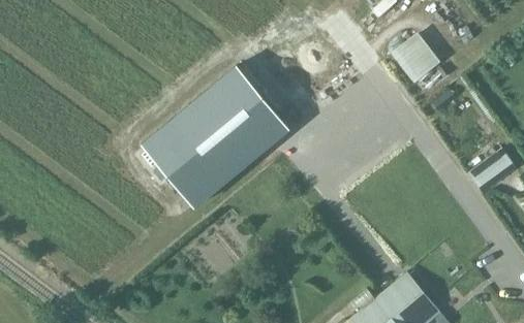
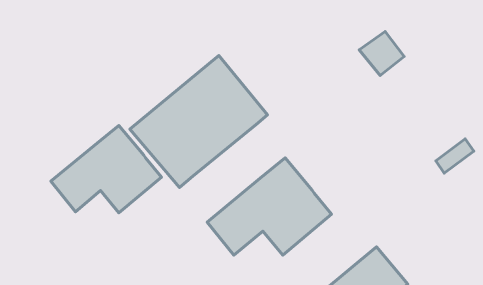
building: none -> [51,125,161,213]
building: none -> [207,158,331,255]

